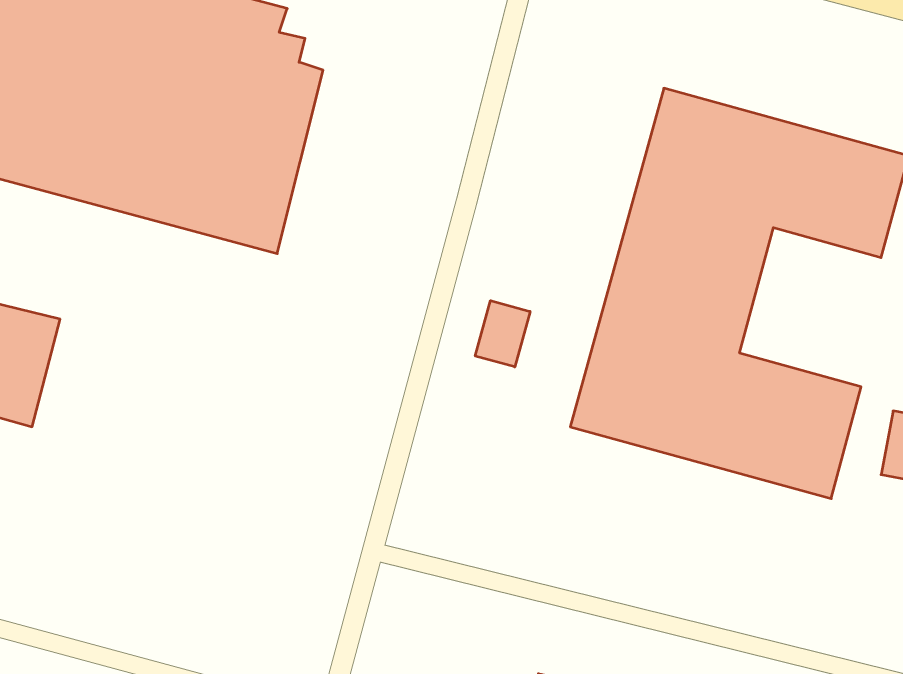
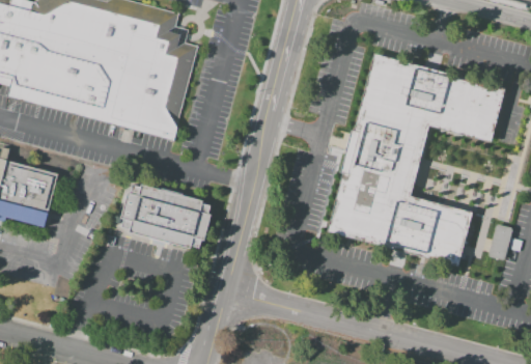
building: [475,301,530,367] -> none
building: none -> [118,183,211,253]

